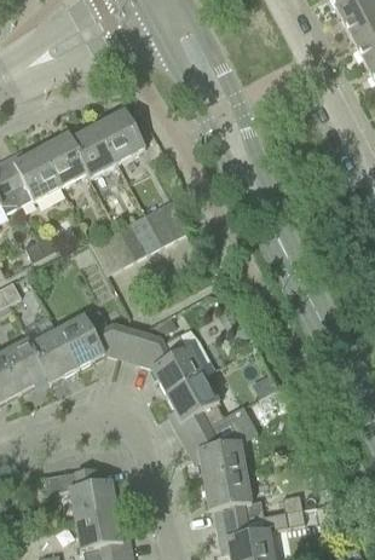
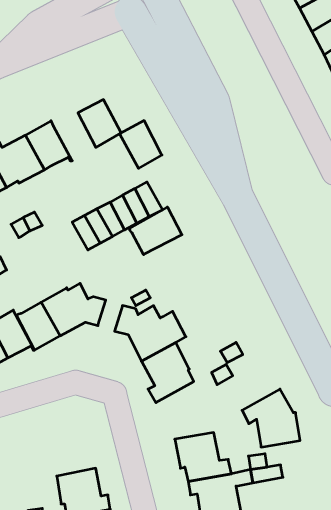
building: [70,125,116,177] -> [120,121,162,168]
building: none -> [130,207,182,255]
building: [181,416,244,479] -> [242,389,300,447]
building: [44,466,116,519] -> none

